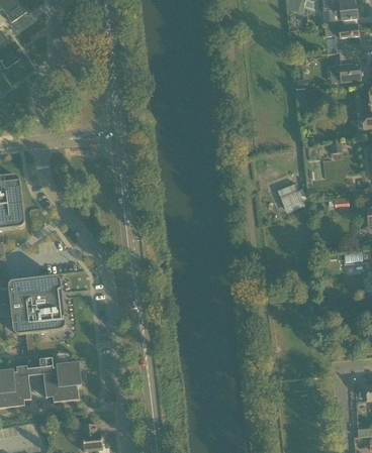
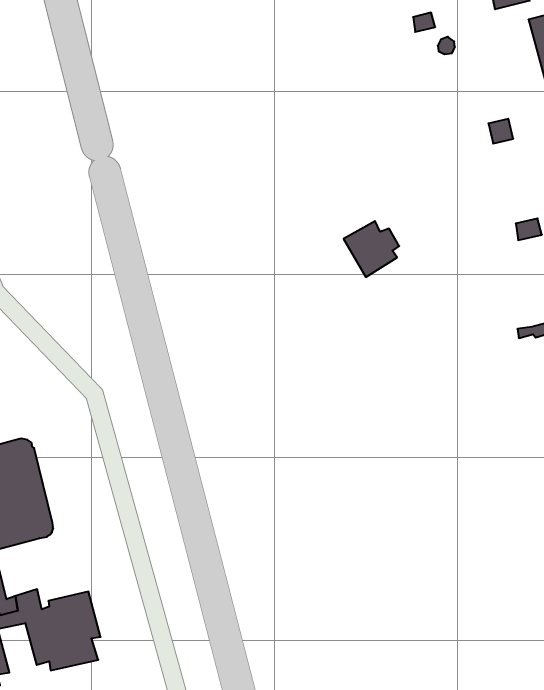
building: [277,184,306,213] -> [344,221,399,277]

